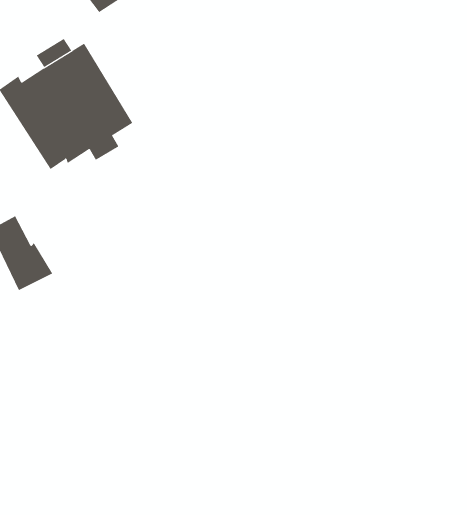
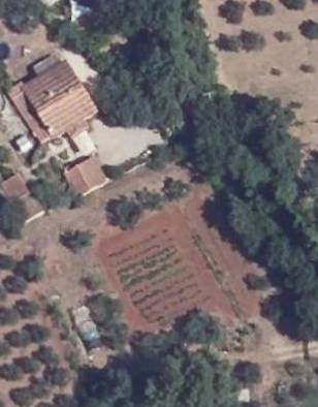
building: none -> [65,154,106,194]

